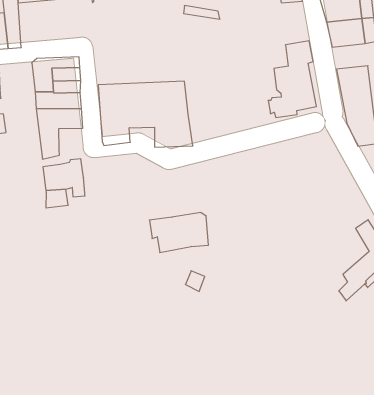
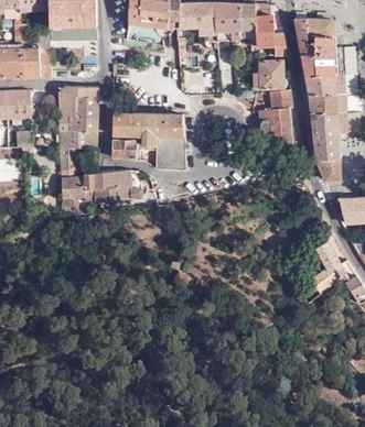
building: none -> [253,61,287,89]
building: none -> [309,95,337,114]
building: [149,213,208,253] -> [94,171,141,201]

